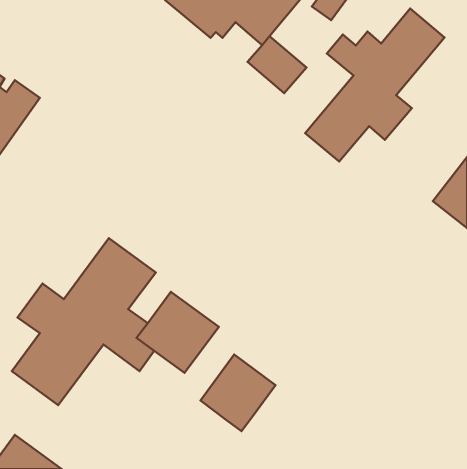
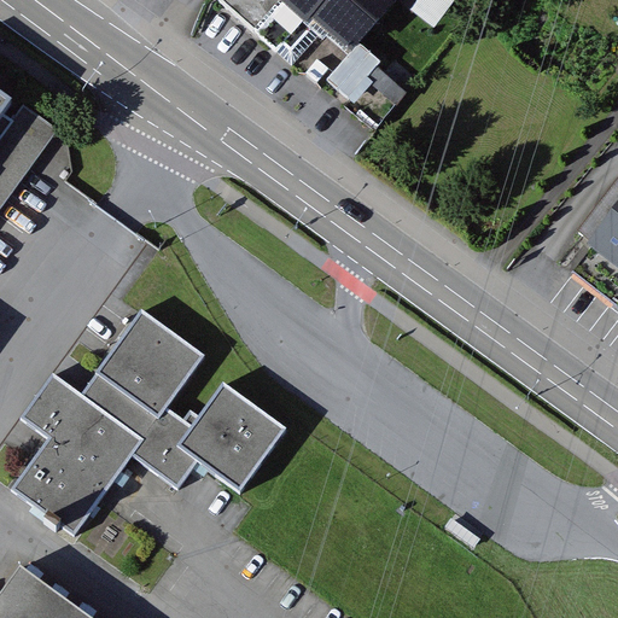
building: [305,8,444,161] -> none
building: [200,354,275,431] -> none

